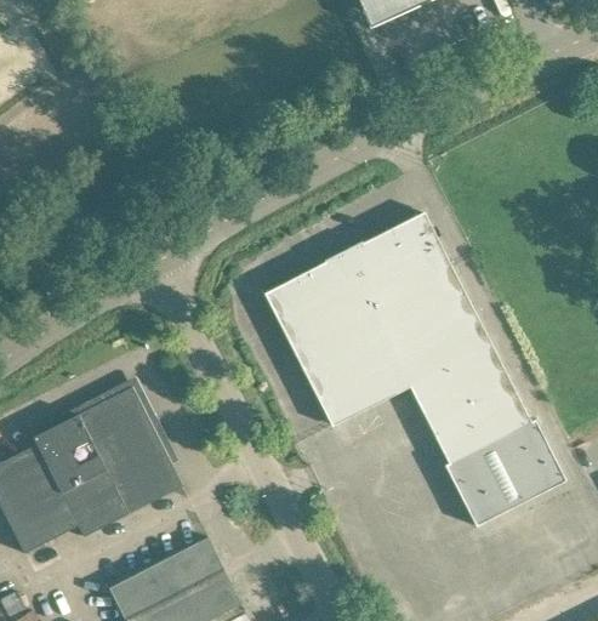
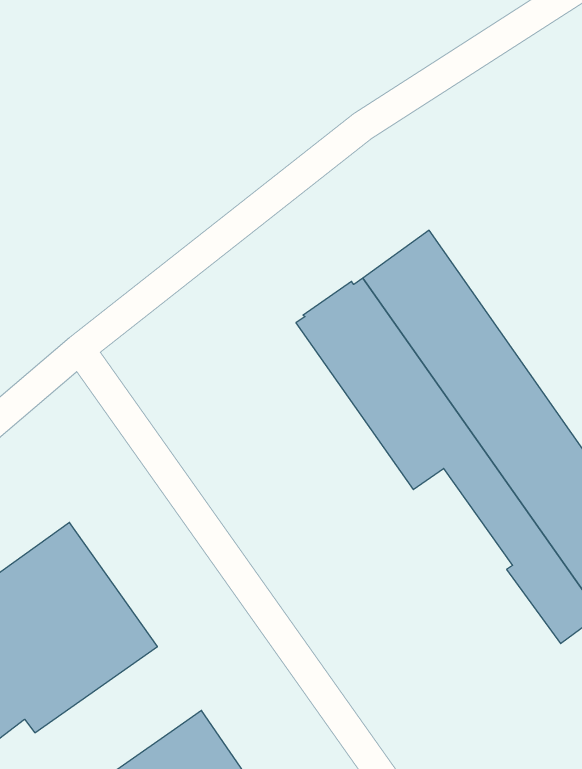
building: [263,266,385,427] -> none

